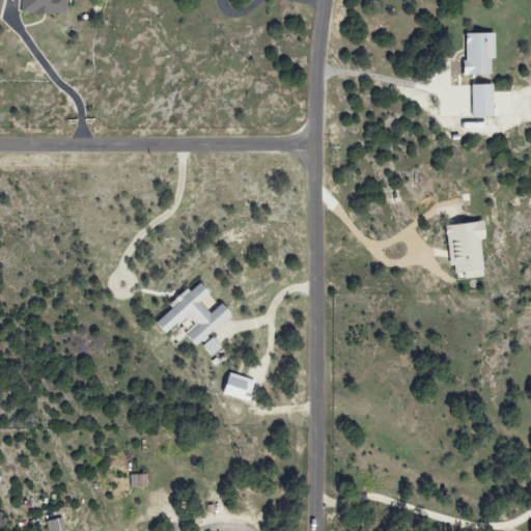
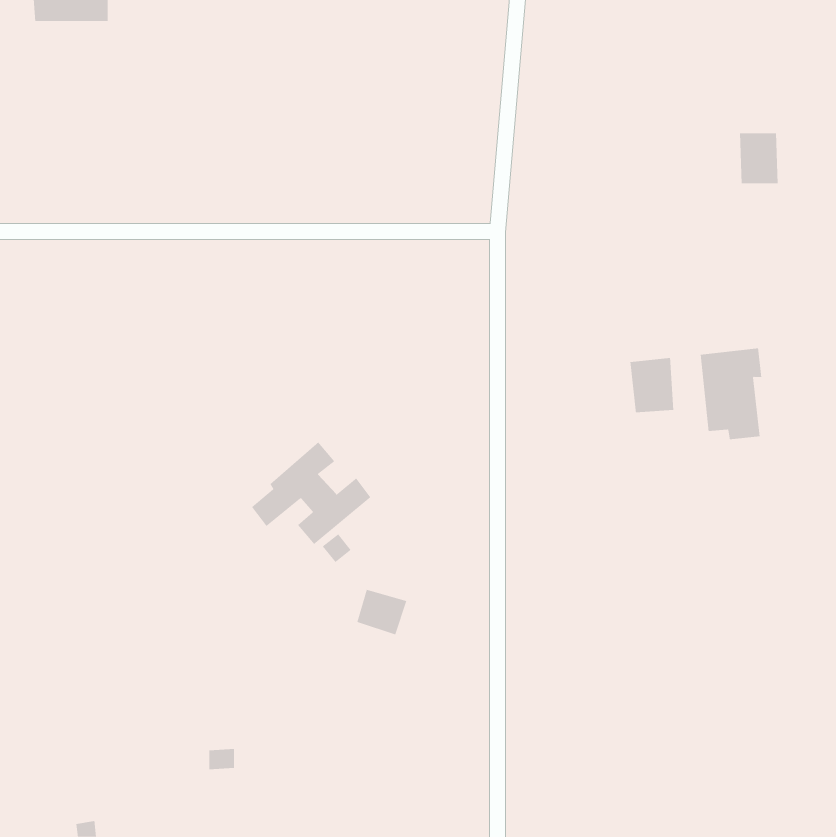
building: [459,32,494,75] -> none
building: none -> [630,357,674,413]

